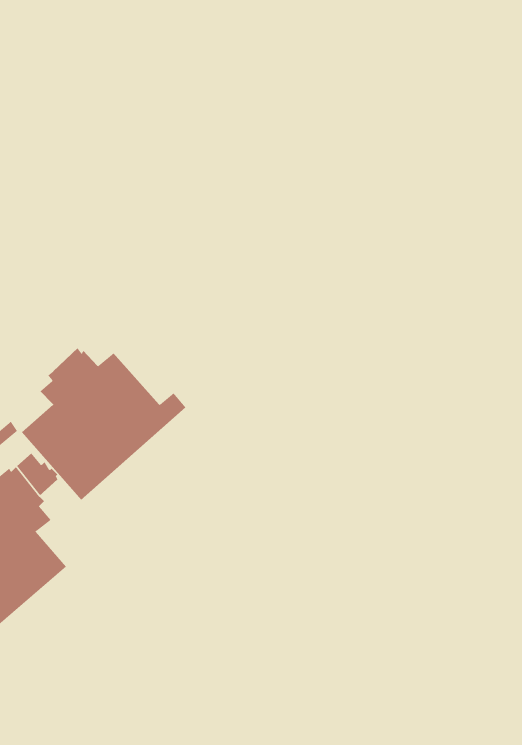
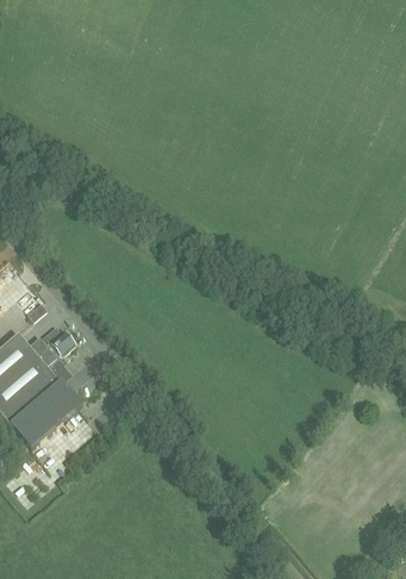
building: [21,347,186,501] -> none

